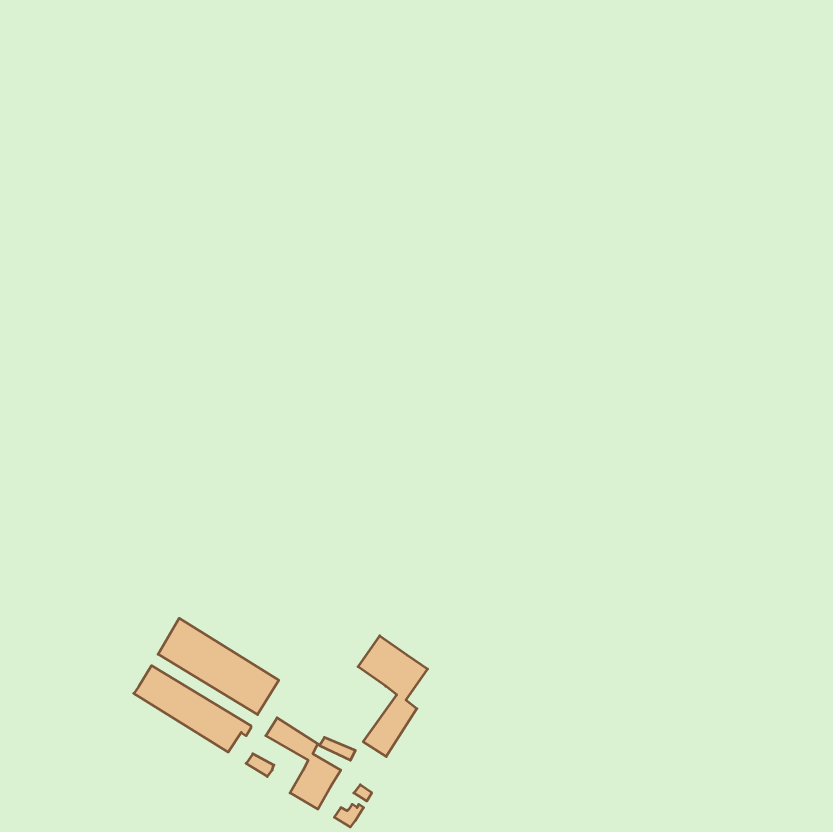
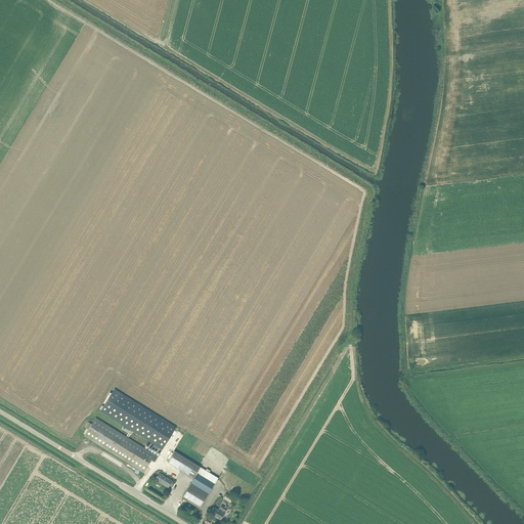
building: [358,636,428,757] -> none

